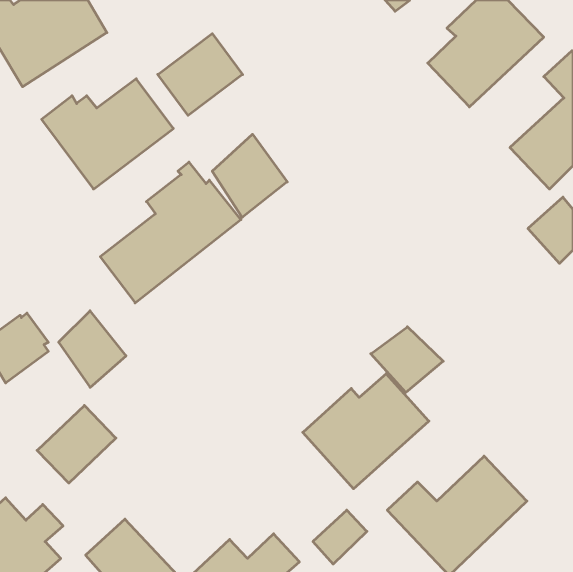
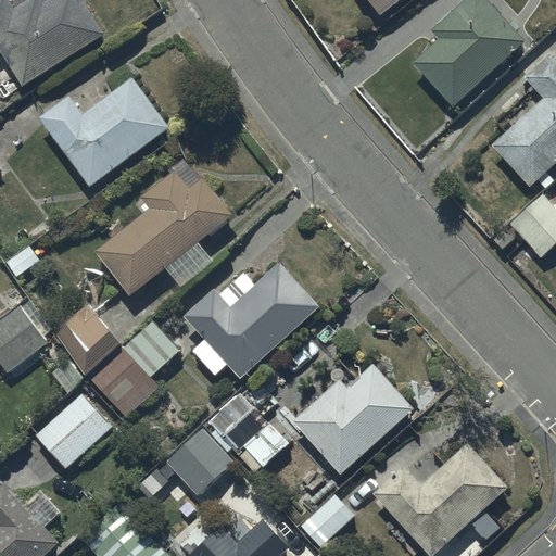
building: [158,34,243,115] -> none
building: [212,134,287,217] -> none
building: none -> [186,263,319,378]
building: [371,327,443,392] -> none
building: none -> [87,320,176,418]
building: none -> [208,393,288,472]
building: none -> [142,429,233,498]

